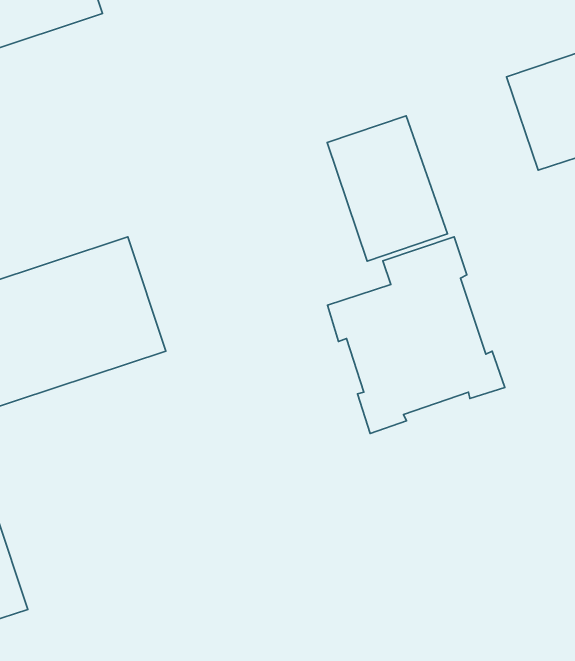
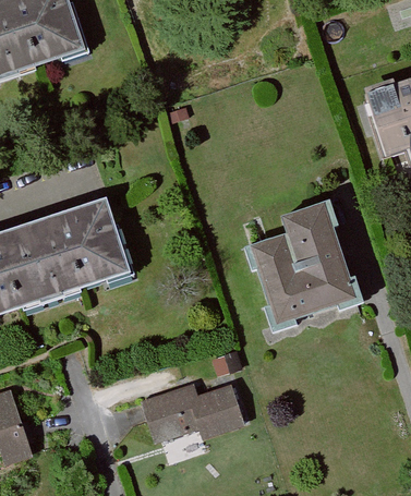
building: [327,116,447,261] -> none
building: none -> [140,383,246,444]

